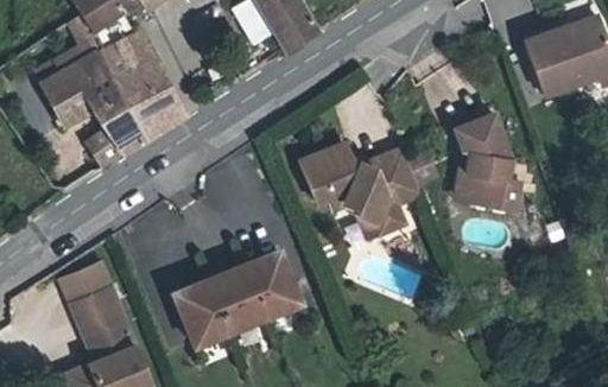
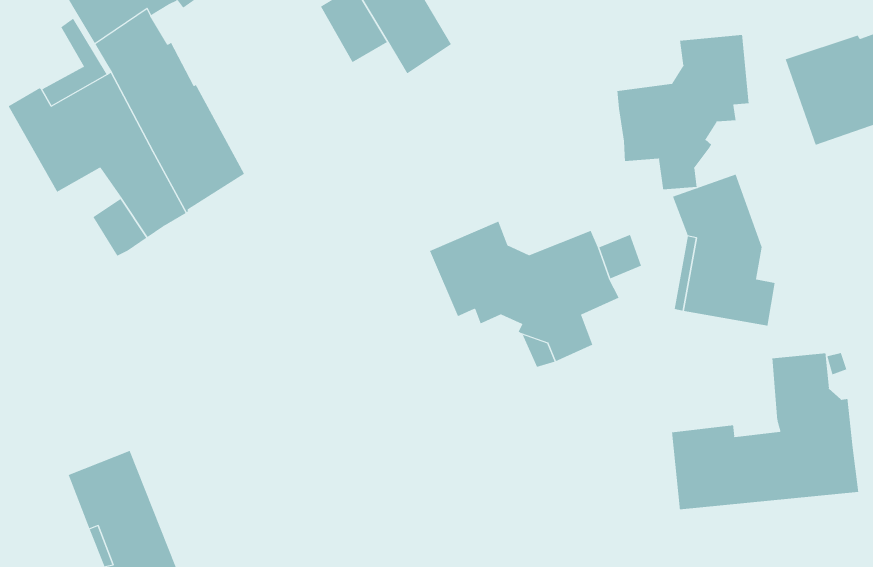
building: none -> [617,34,749,190]
building: none -> [672,353,859,510]
building: [172,249,298,344] -> none
building: [62,264,110,303] -> none

